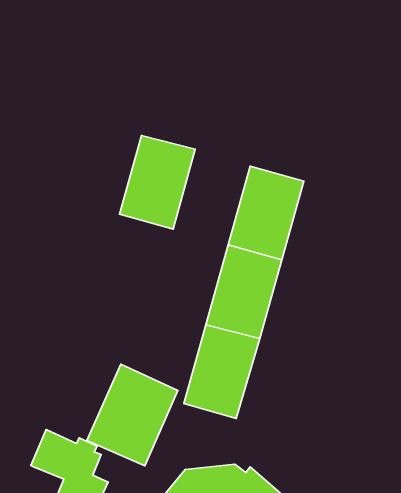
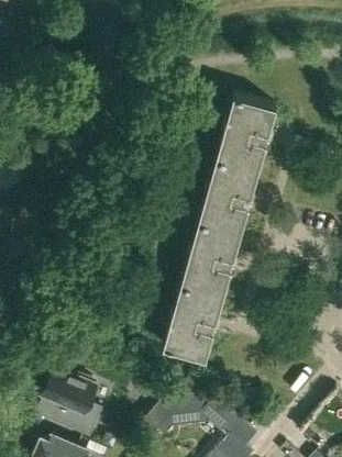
building: [119,135,195,229] -> [217,92,277,167]
building: [87,364,178,466] -> none

